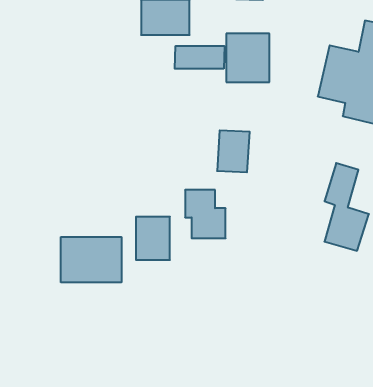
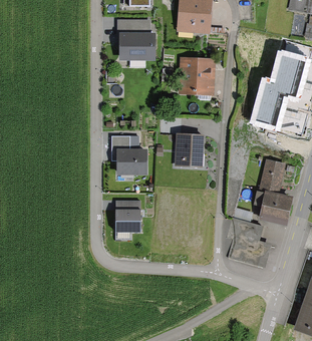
building: [175,46,224,69] -> none
building: [185,190,226,238] -> [112,135,143,173]
building: [61,237,121,282] -> none

